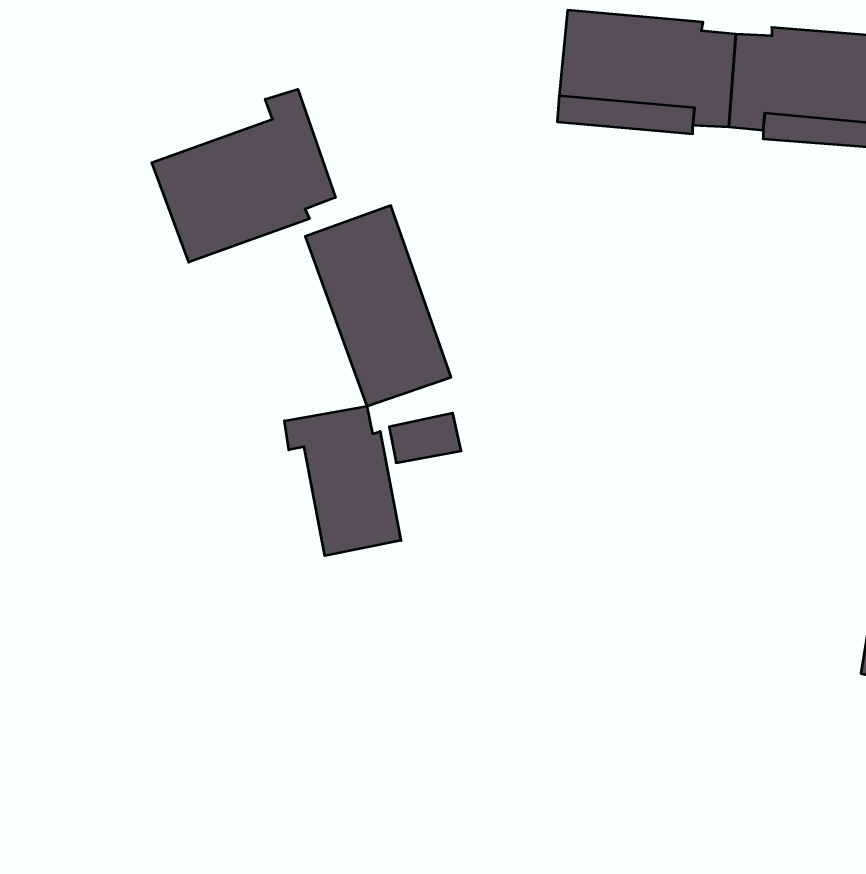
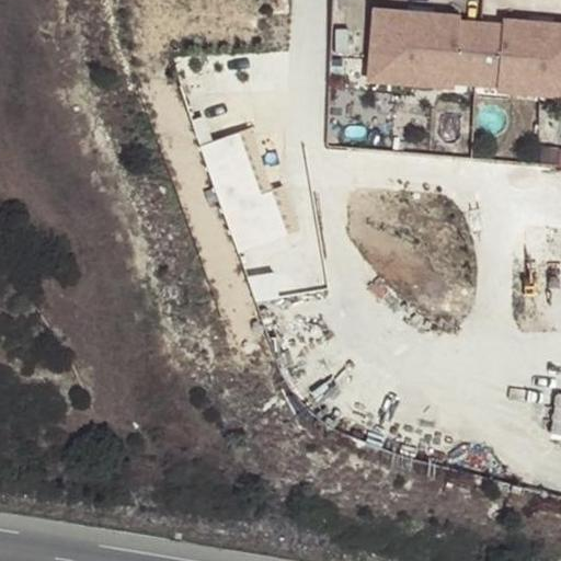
building: [152,89,335,262] -> none
building: [285,406,401,556] -> none

